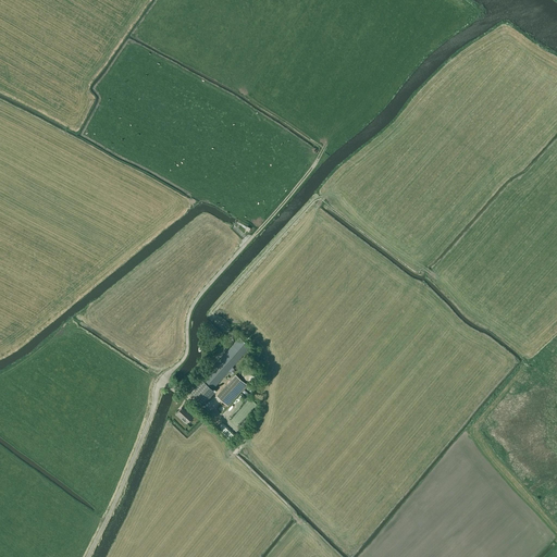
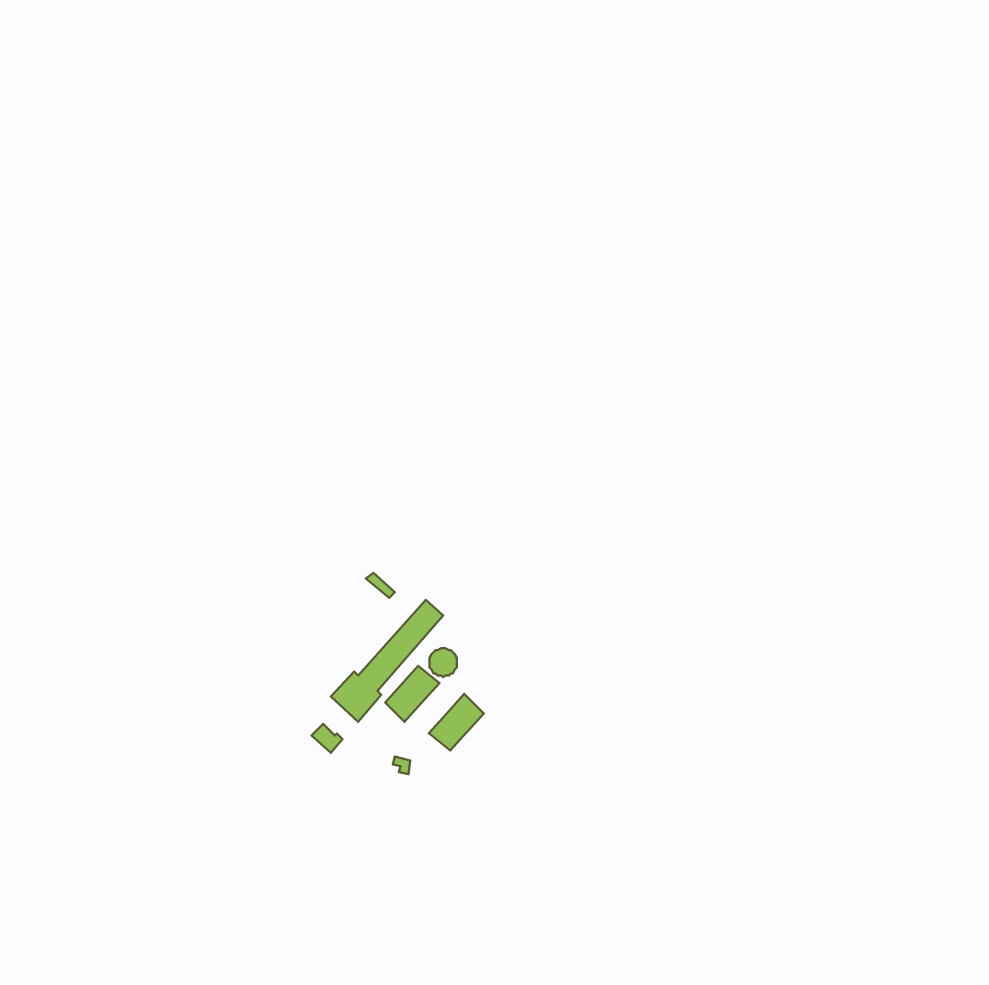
building: none -> [429,694,484,751]

